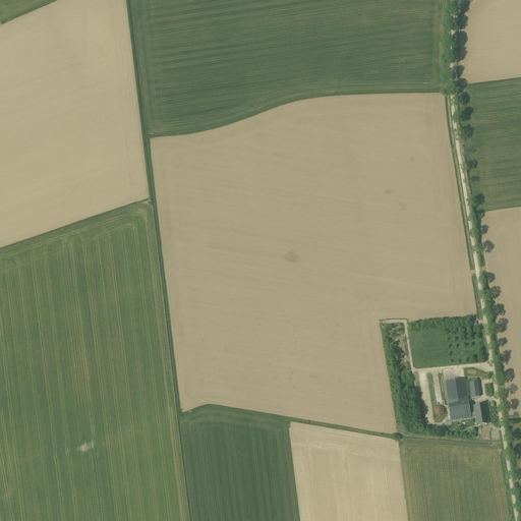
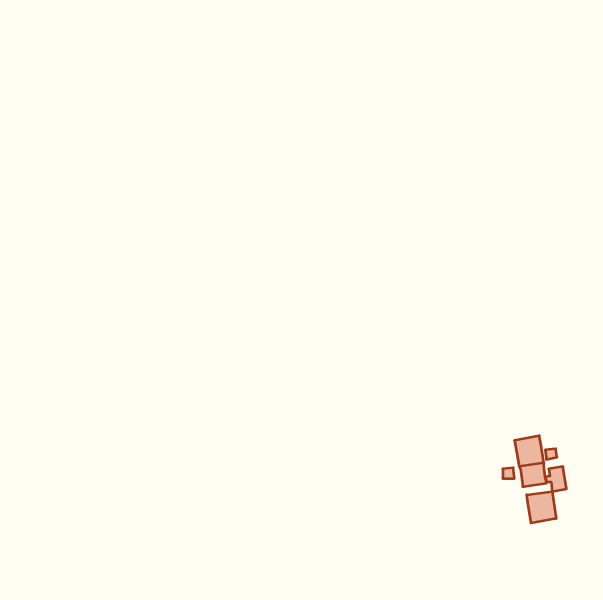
building: none -> [527,491,556,523]

